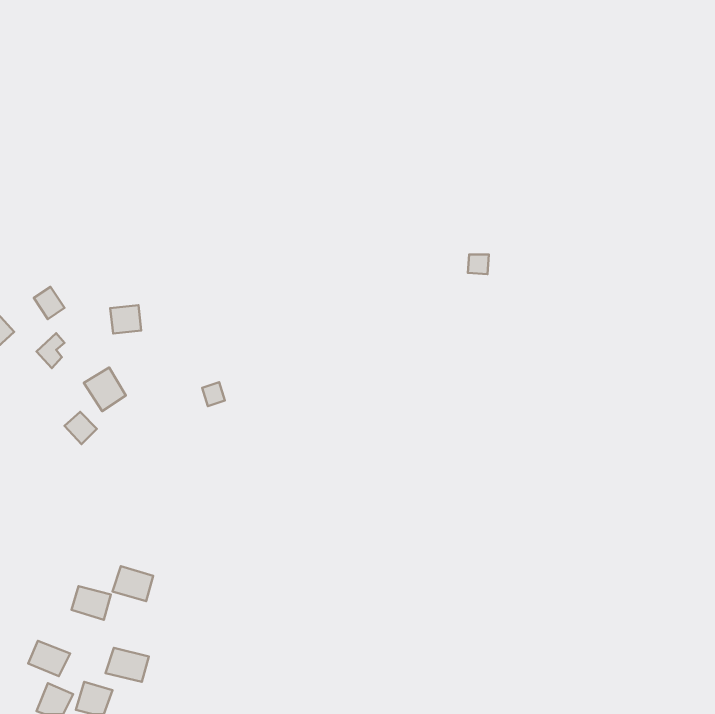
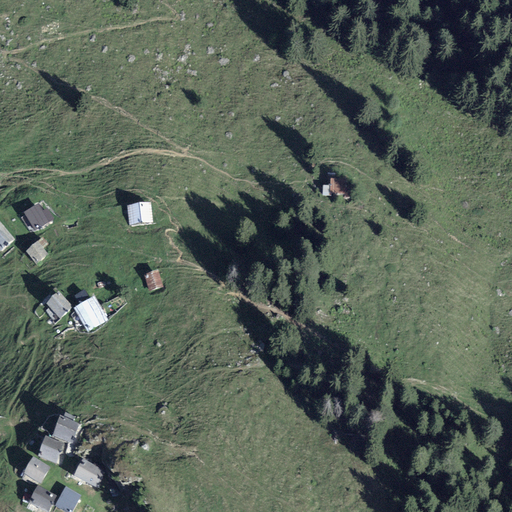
building: [110,305,141,333] -> [127,203,149,223]
building: [84,367,126,411] -> [74,297,104,328]
building: [112,566,153,601] -> [37,436,66,461]

